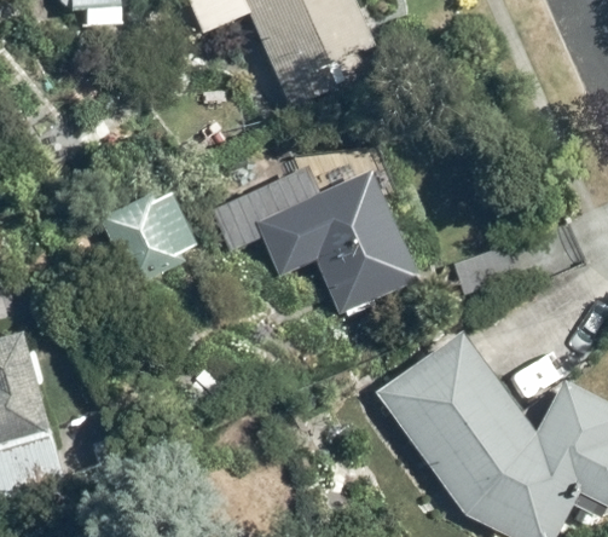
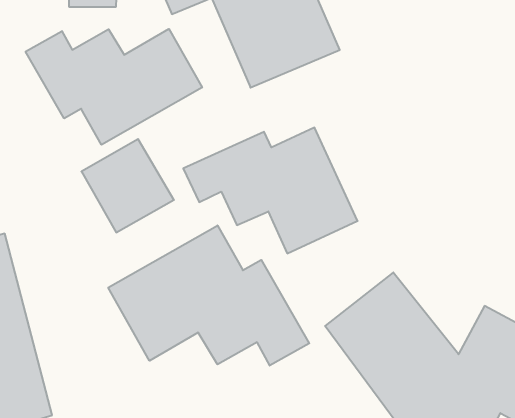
building: none -> [26,29,202,145]
building: none -> [108,225,309,366]

